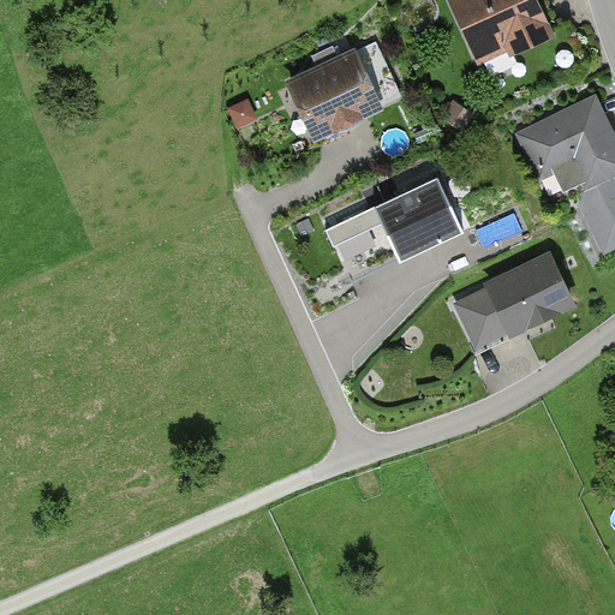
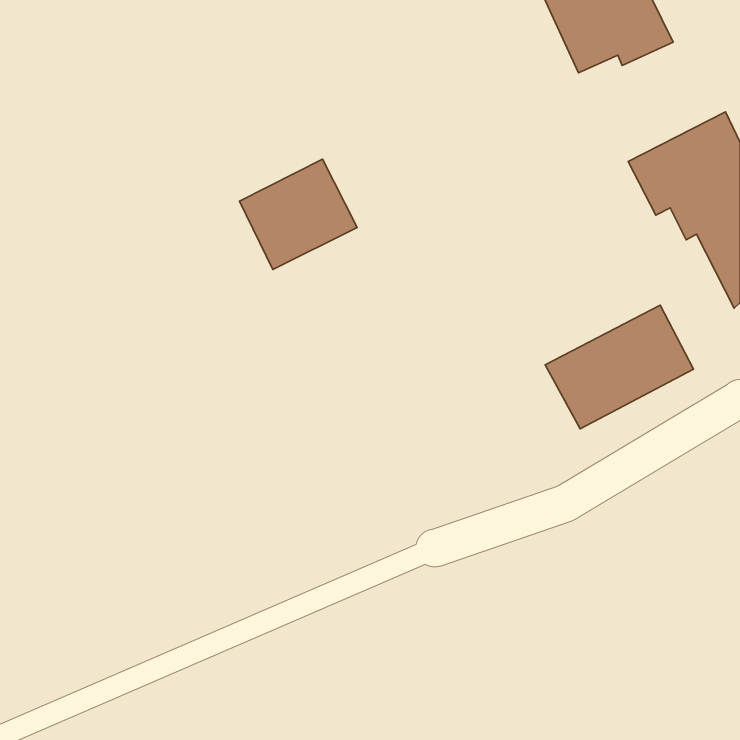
building: [289,48,387,139] -> [239,159,357,269]
building: [326,174,461,274] -> none

